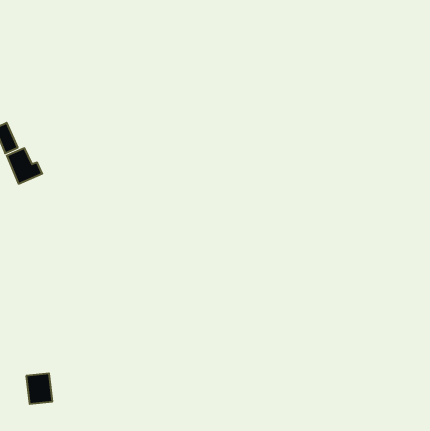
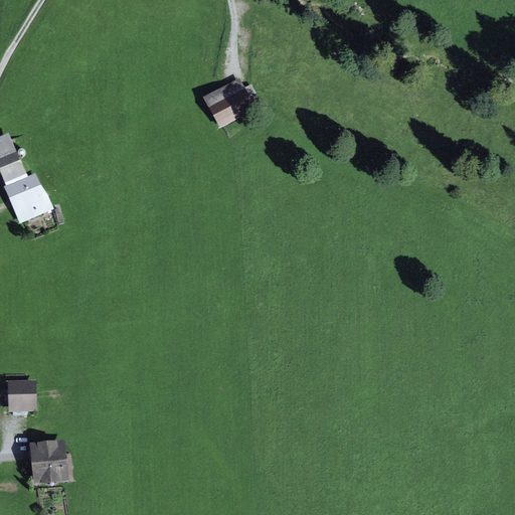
building: none -> [204,80,248,123]
building: none -> [9,383,30,404]

